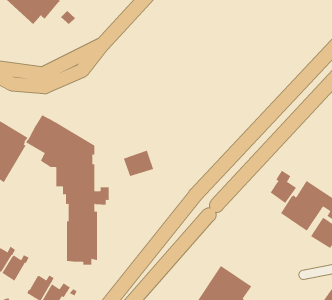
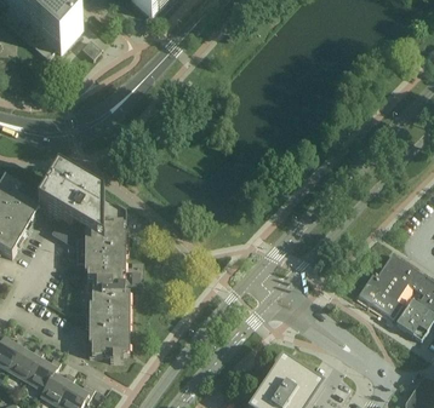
building: [123,150,154,177] -> none
building: [270,170,297,204] -> none
building: none -> [23,355,58,389]

